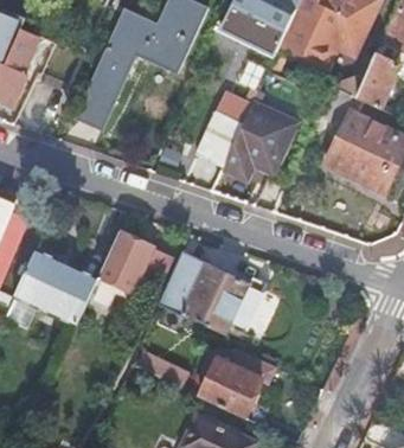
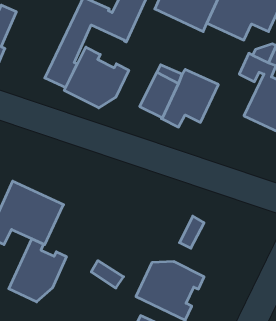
building: none -> [64,47,129,108]
building: [100,232,154,293] -> none
building: [160,251,249,331] -> none
building: none -> [9,239,66,302]

